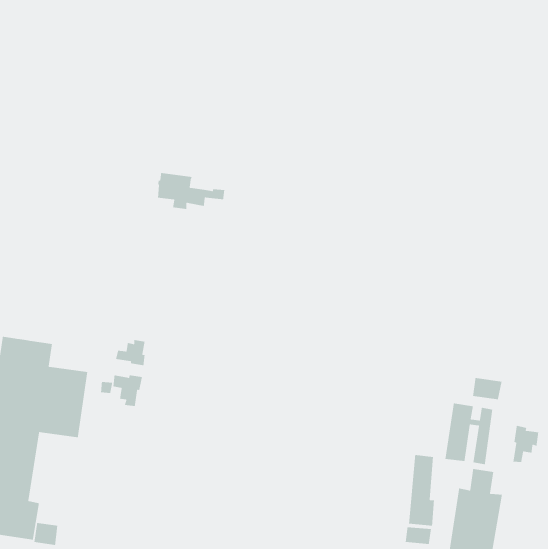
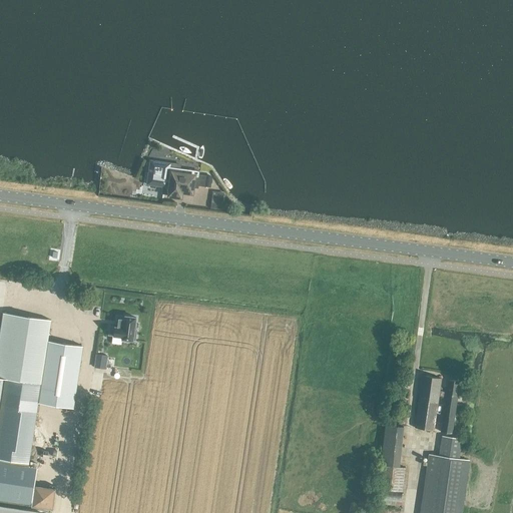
building: [113,374,143,407] -> none
building: [472,377,502,400] -> none
building: [512,425,539,463] -> none

